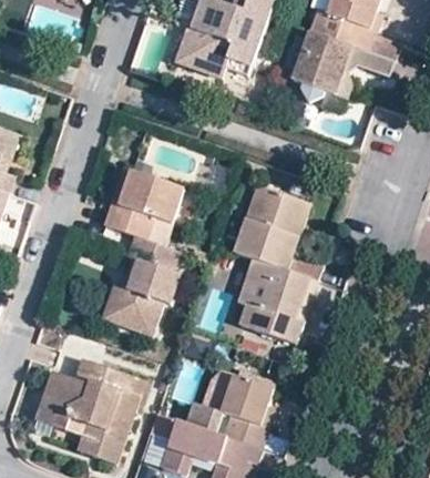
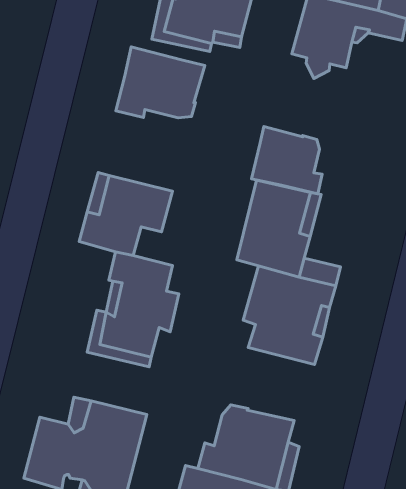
building: none -> [116,47,205,118]
building: none -> [251,126,322,194]

